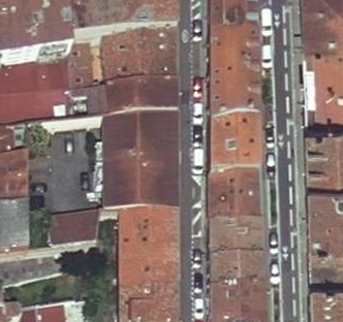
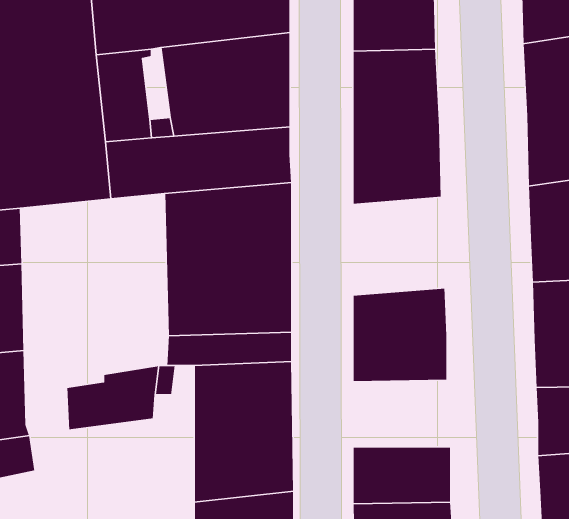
building: [210,118,261,172] -> none
building: [210,220,264,257] -> none

